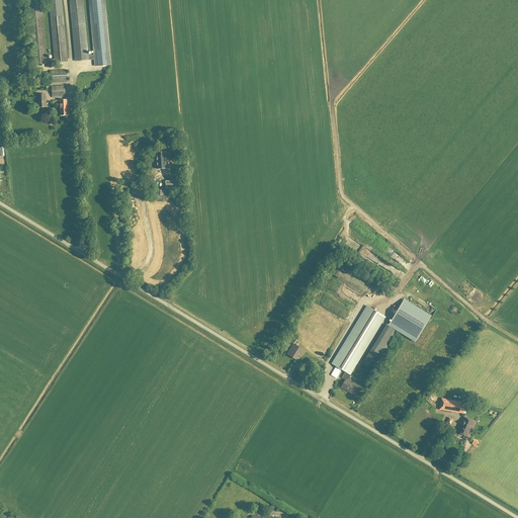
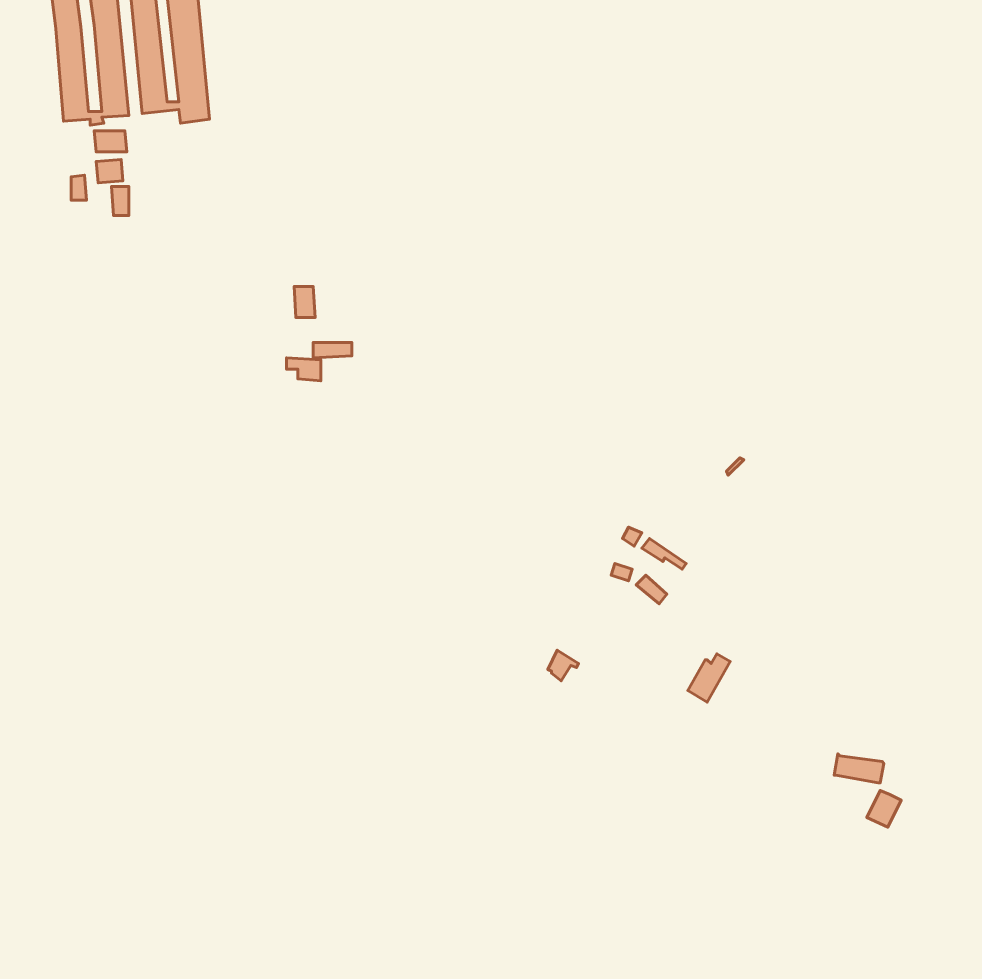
building: [388,298,430,340] -> none
building: [332,305,385,394] -> none

